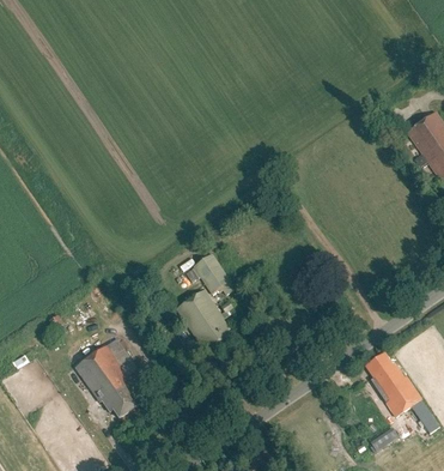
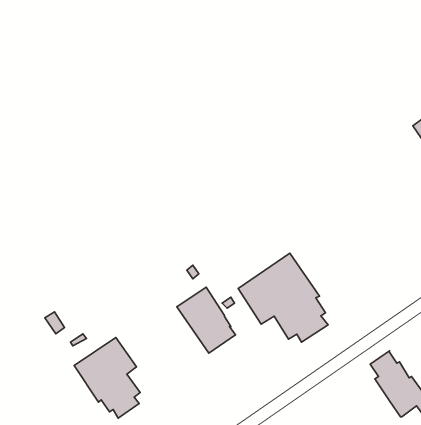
building: [194,253,230,291] -> none
building: none -> [238,253,328,342]

